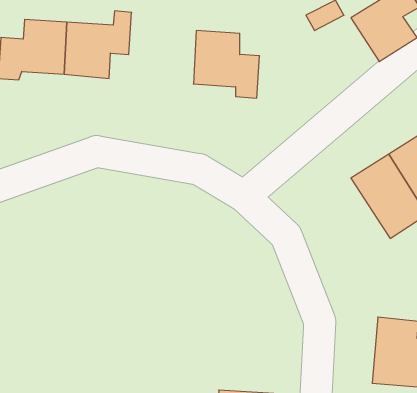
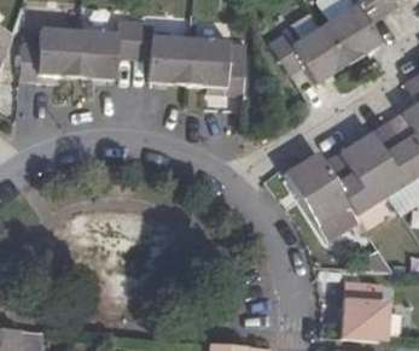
building: none -> [133,21,191,82]
building: none -> [269,25,348,83]
building: none -> [284,152,350,224]

